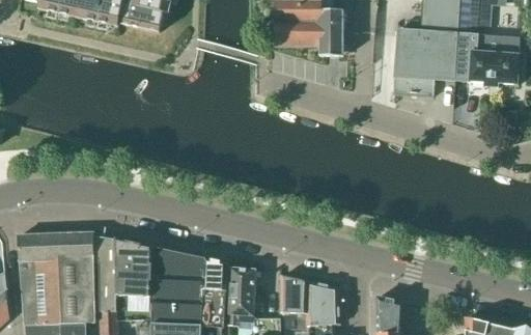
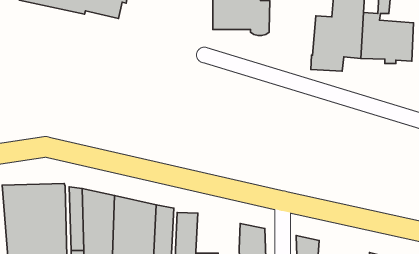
building: [280,275,307,312] -> none

